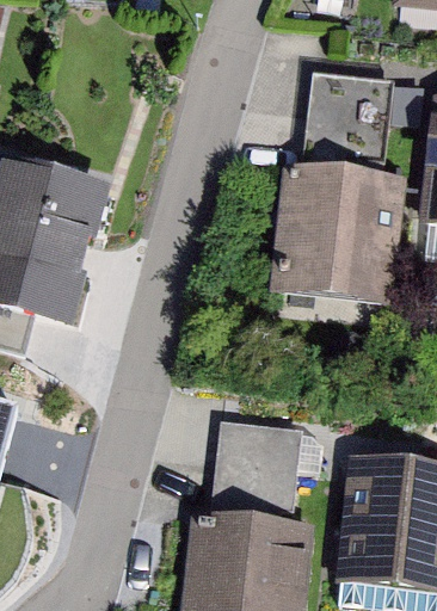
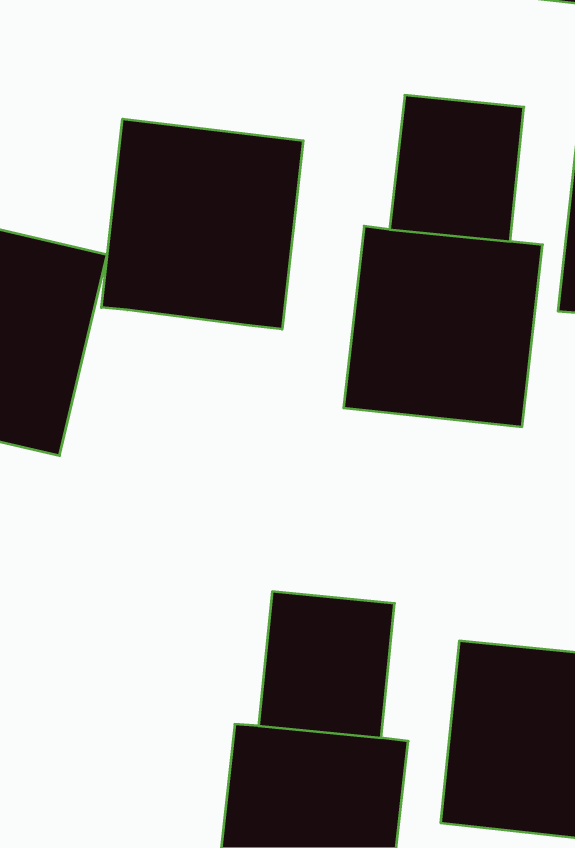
building: none -> [101,119,303,329]

